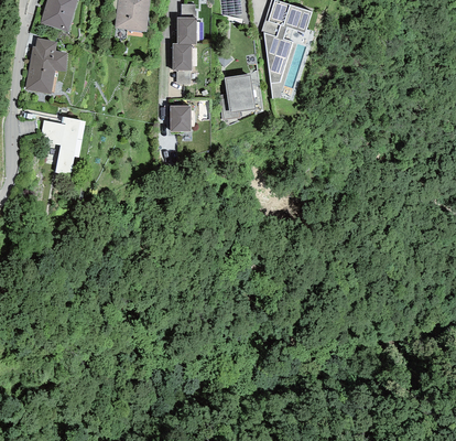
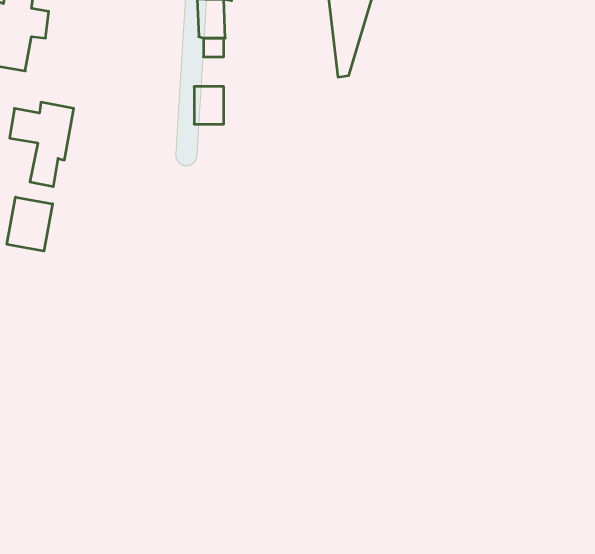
building: [219,73,257,119] -> none
building: none -> [7,197,53,251]

